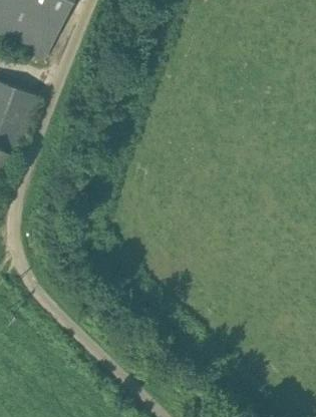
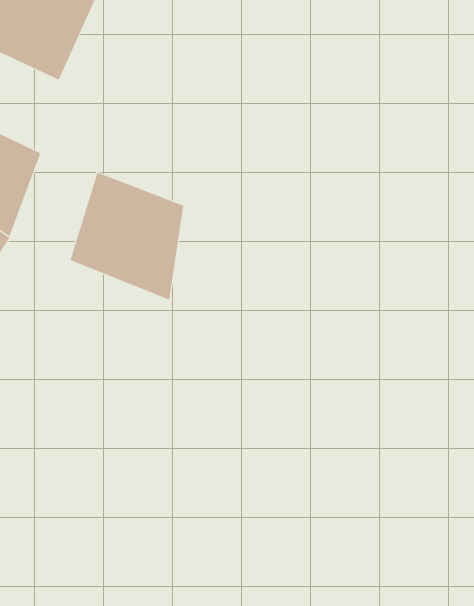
building: none -> [70,172,184,300]

